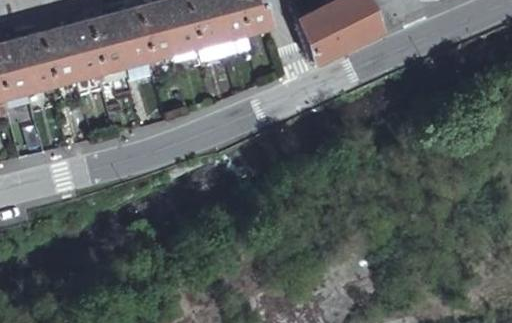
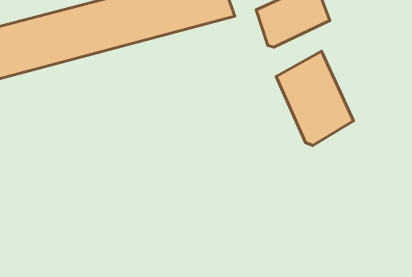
building: none -> [276,51,354,145]

